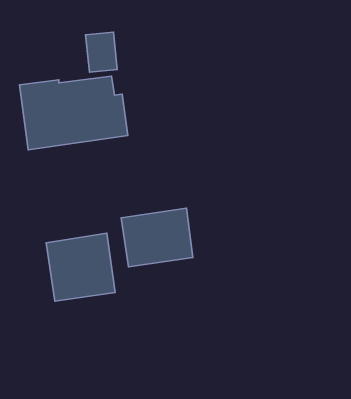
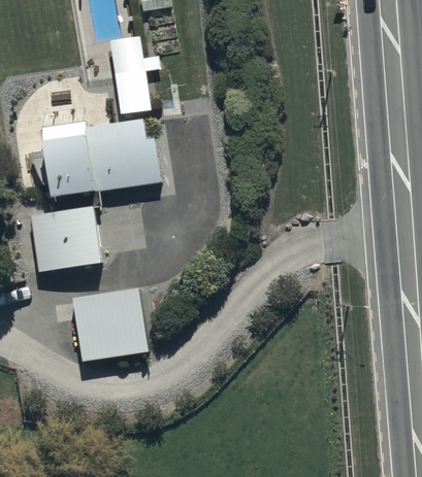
building: none -> [29,206,100,271]
building: [121,208,193,267] -> none

